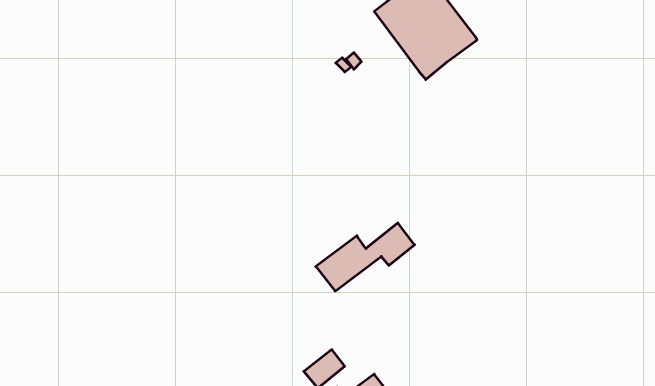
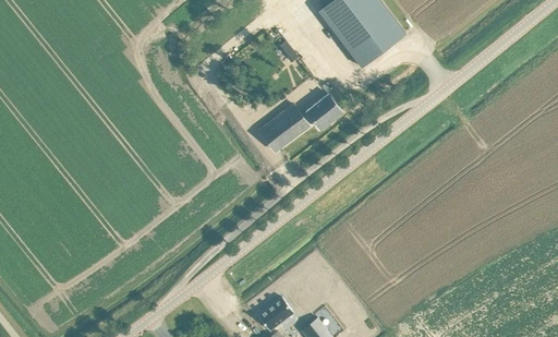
building: [316,223,415,291] -> [258,94,342,152]

